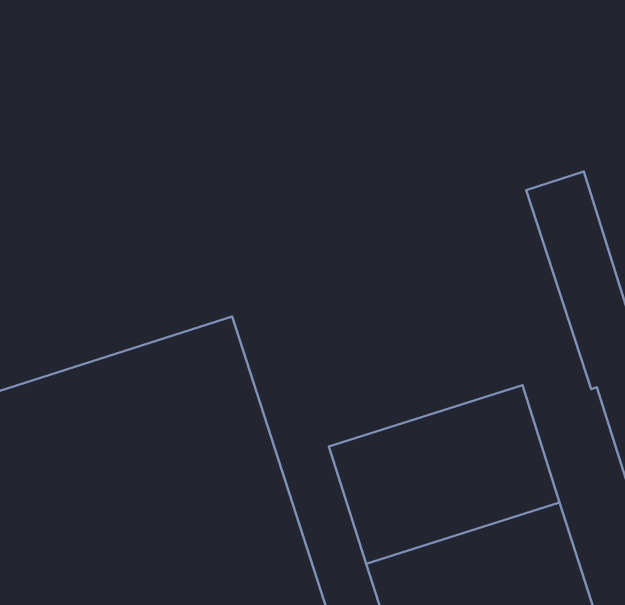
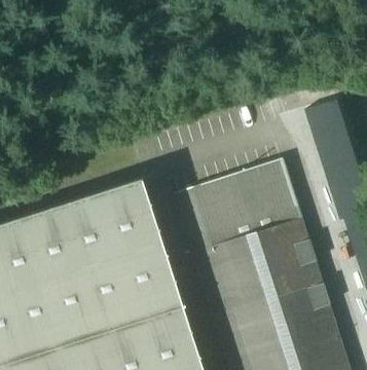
building: none -> [178,159,303,253]

